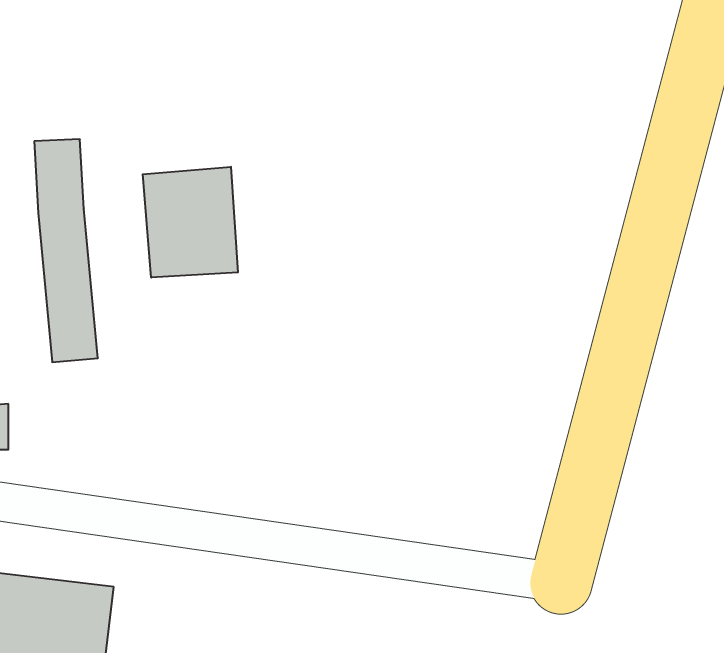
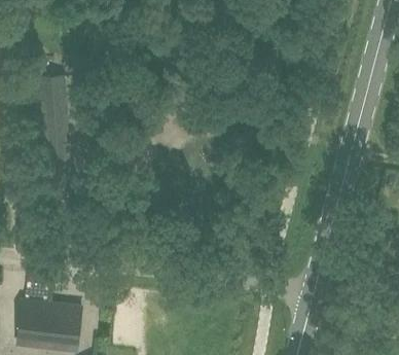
building: [143,167,238,278] -> none

